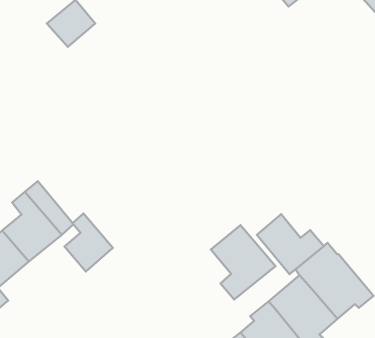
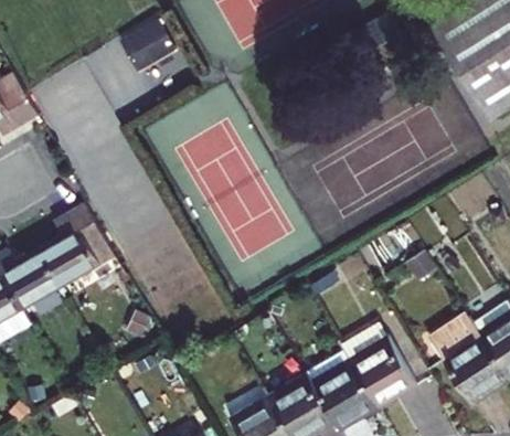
building: [64,213,113,271] -> none
building: [257,214,324,274] -> none
building: [211,225,276,300] -> none

